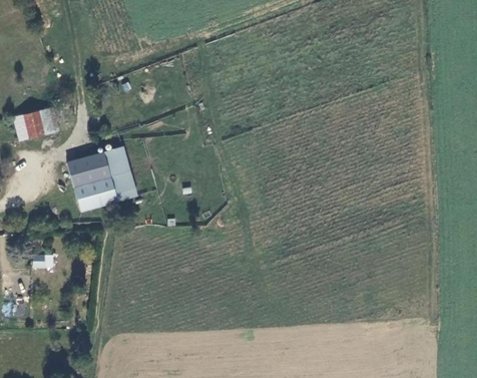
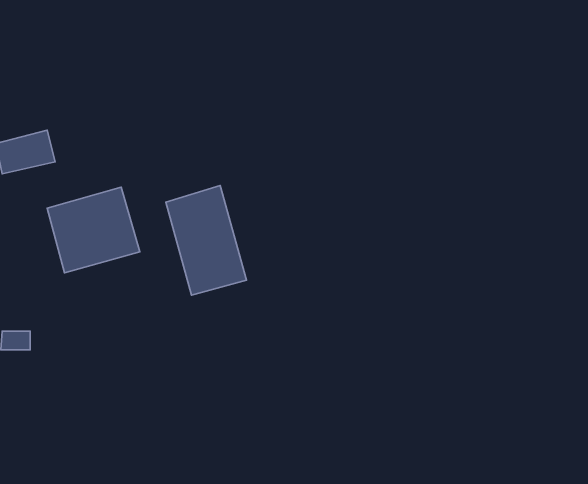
building: none -> [166,186,247,295]

